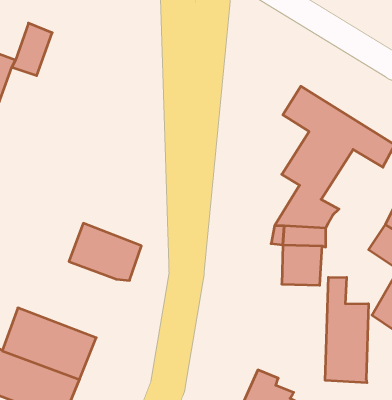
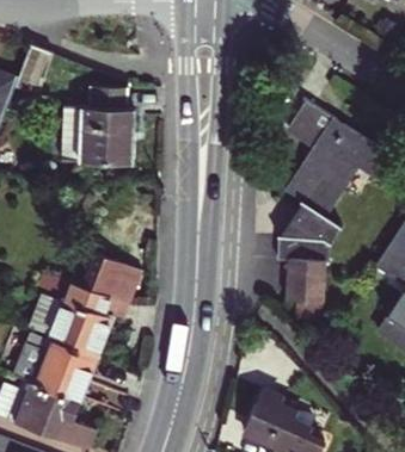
building: none -> [67,86,135,163]
building: none -> [18,281,134,358]
building: [325,277,368,383] -> none

